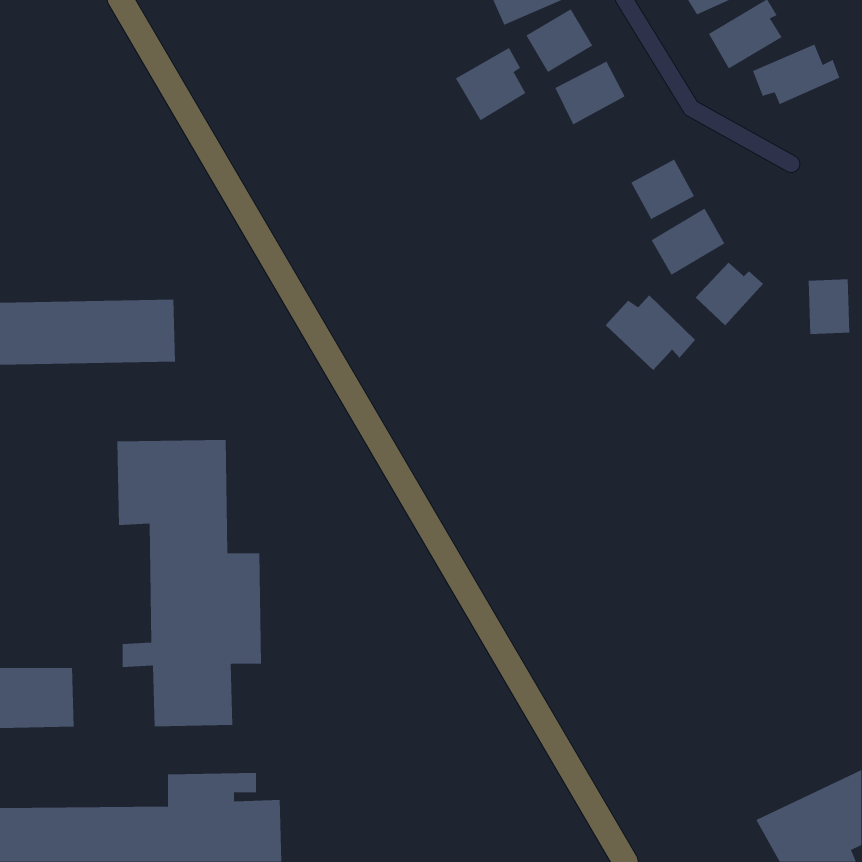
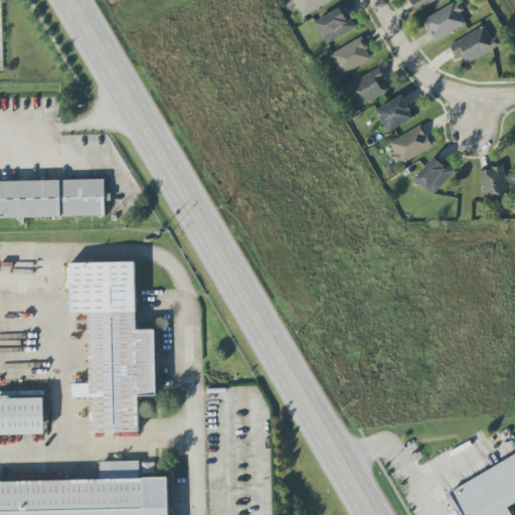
building: [455,47,526,121] -> none
building: none -> [343,68,387,108]
building: [605,295,696,371] -> none

